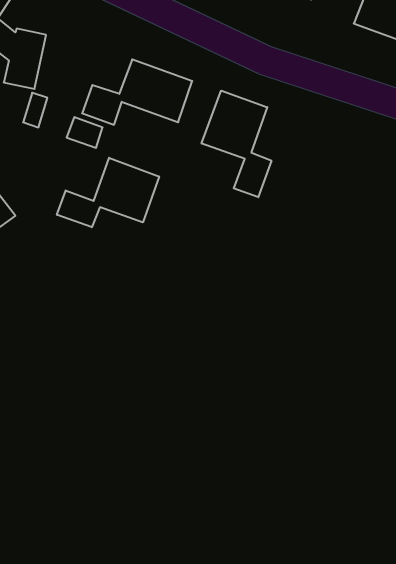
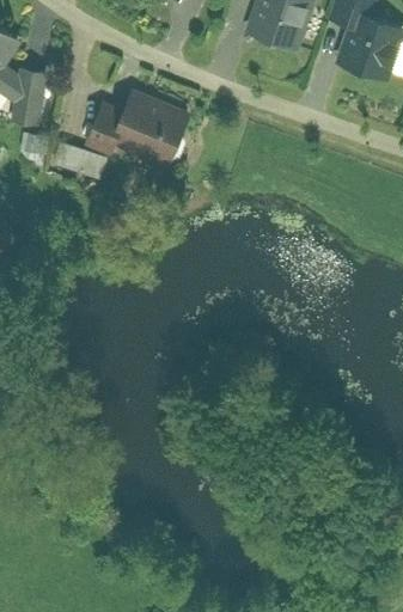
building: [202,91,271,197] -> none
building: [57,158,159,227] -> none

